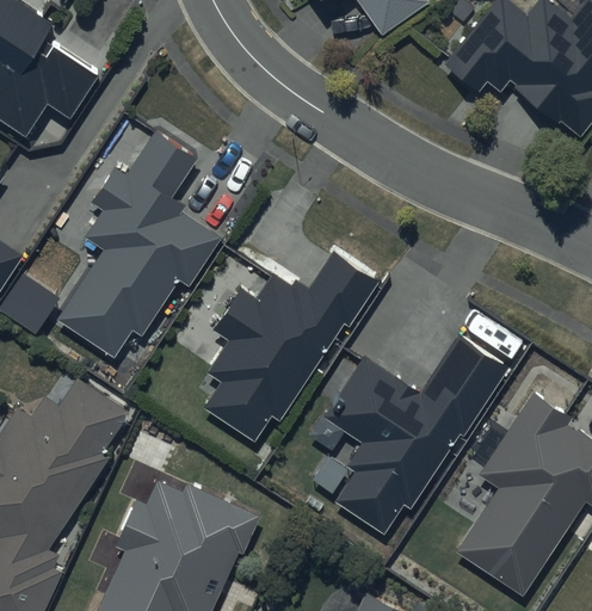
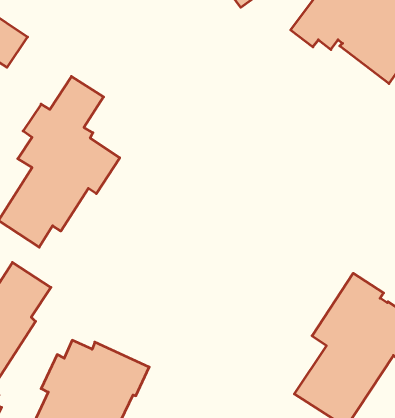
building: [201,253,376,444] -> none
building: [326,333,508,535] -> none

